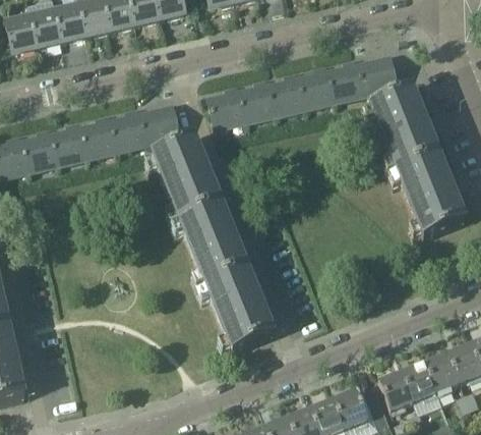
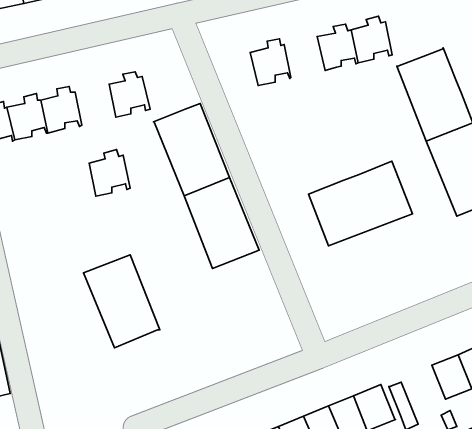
building: [361,56,399,103] -> none
building: [270,71,307,113] -> none
building: [209,86,247,127] -> none
building: [143,106,180,142] -> none
building: [83,114,120,156] -> [89,150,130,196]
building: none -> [308,161,413,246]
building: [206,268,275,351] -> [84,255,160,348]
building: [379,371,415,411] -> none

